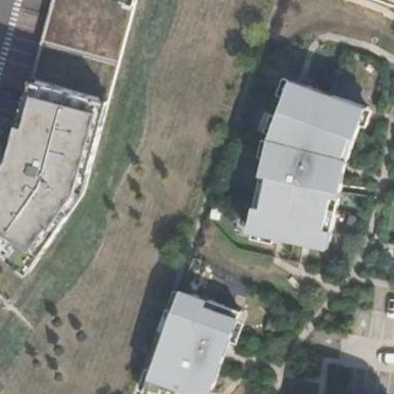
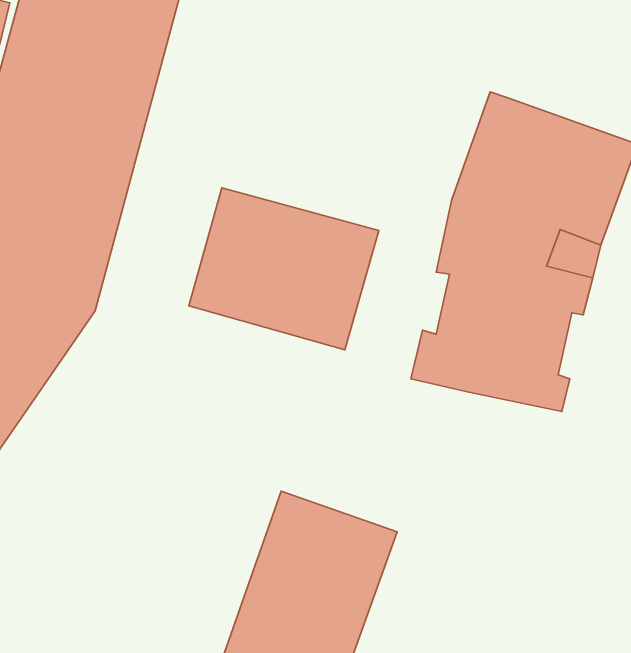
building: none -> [189,188,379,350]

